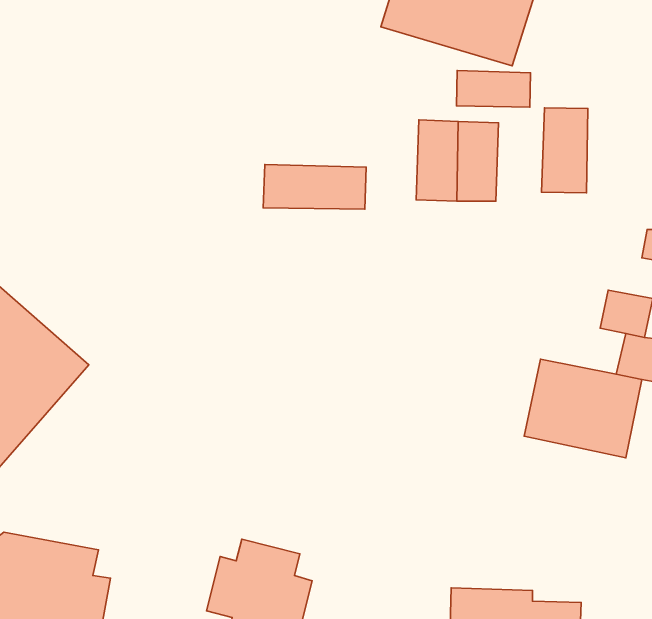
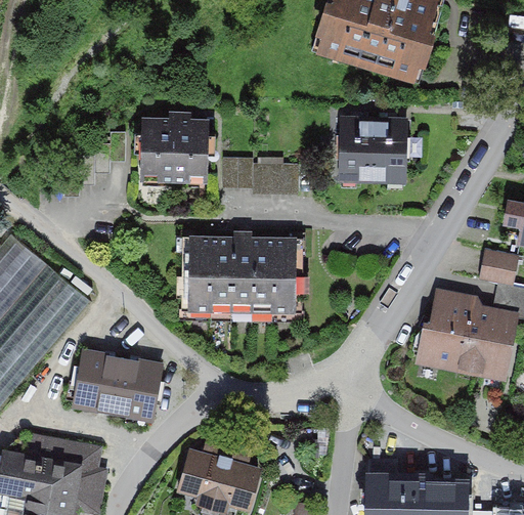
building: [457,70,531,107] -> none
building: [542,108,588,193] -> none
building: none -> [140,121,209,178]
building: none -> [189,243,293,314]
building: none -> [74,351,158,412]

